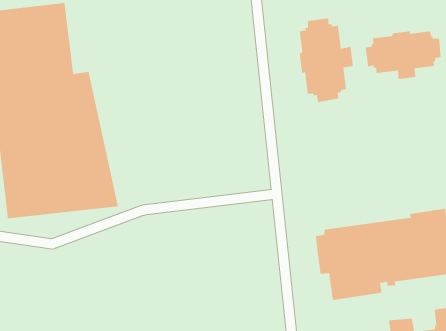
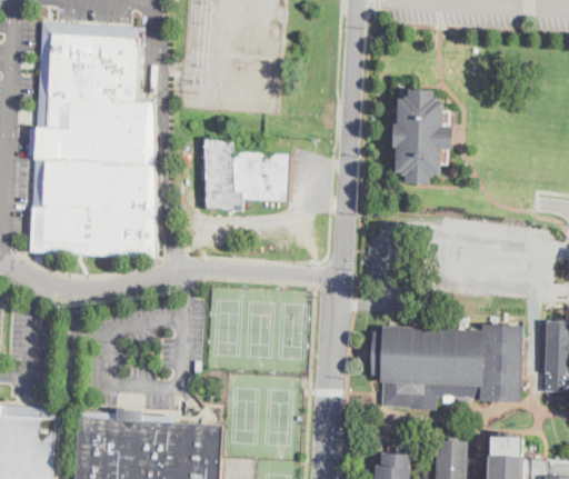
building: [365,30,441,80] -> none
building: none -> [204,138,295,210]

